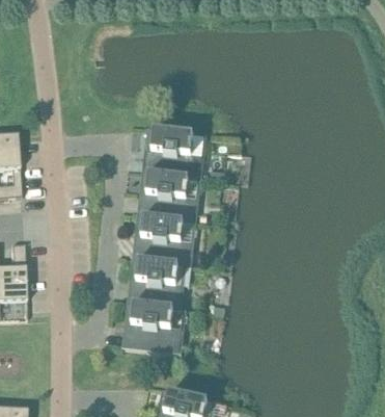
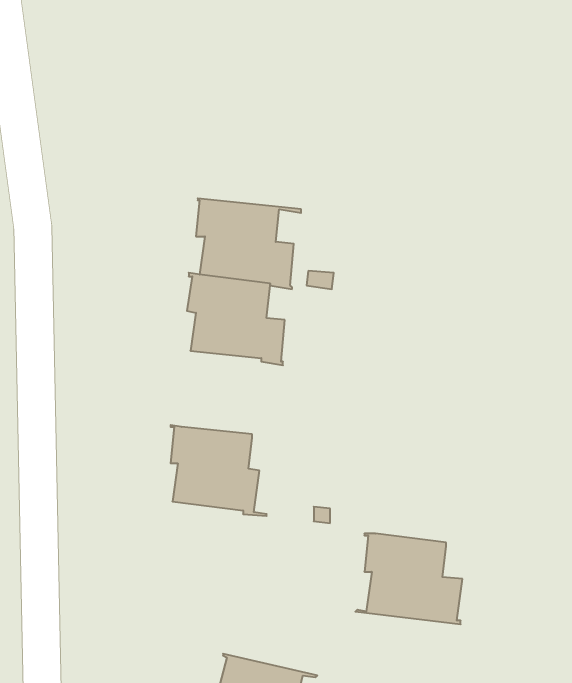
building: [136,213,193,265] -> none
building: [121,301,183,353] -> [355,534,462,624]

